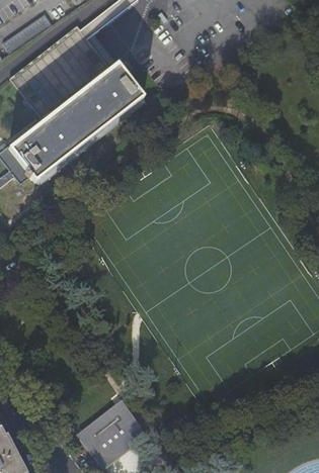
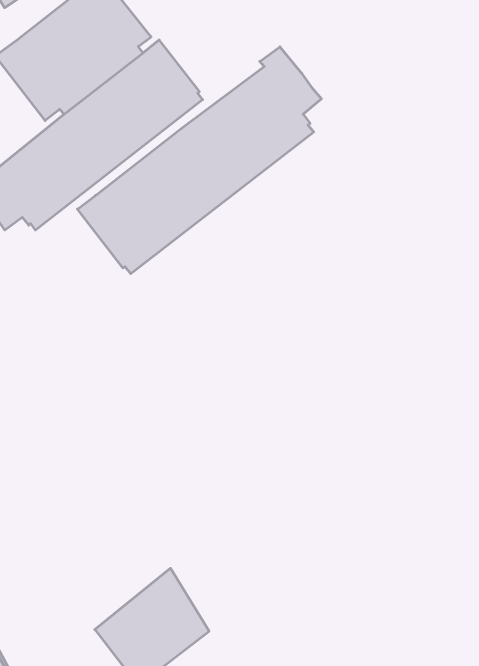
building: none -> [77,47,321,274]

